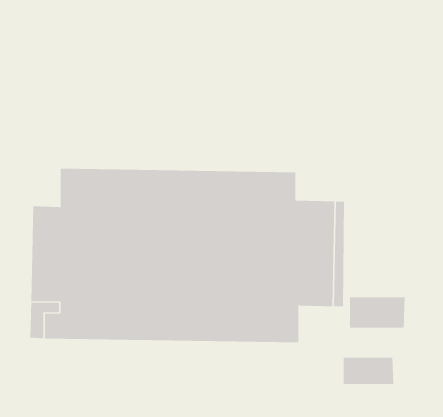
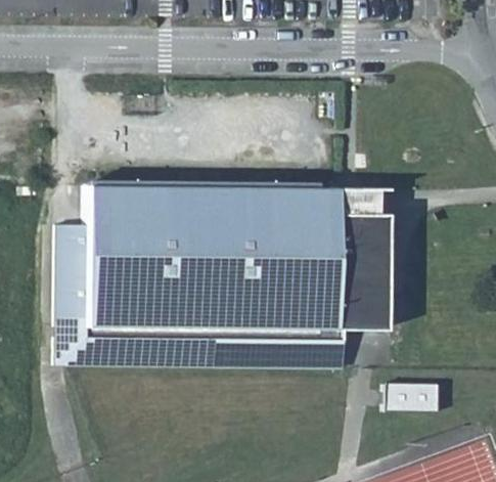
building: none -> [339,187,379,218]
building: [349,296,405,328] -> none

